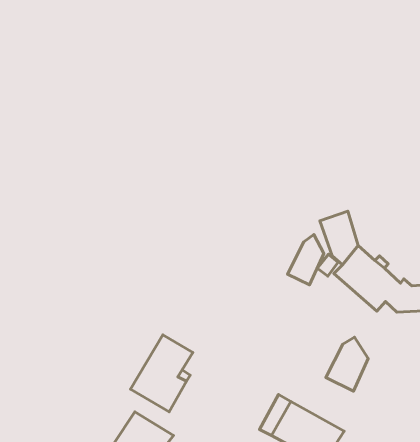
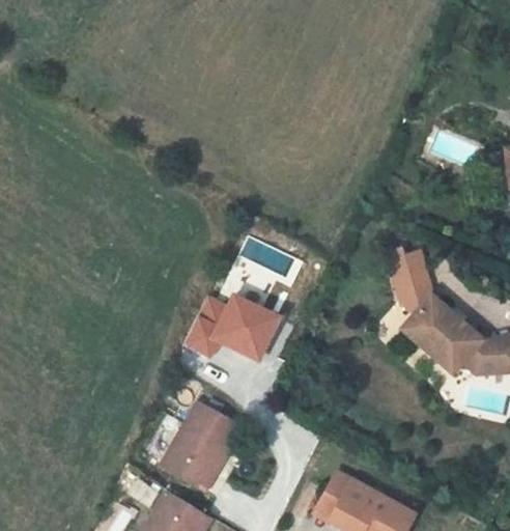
building: [287,235,324,285] -> none
building: none -> [186,296,280,360]
building: [326,337,368,391] -> none

